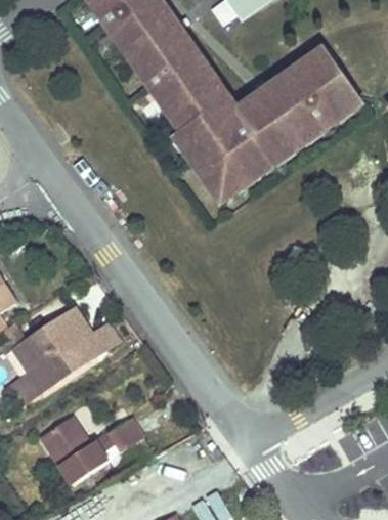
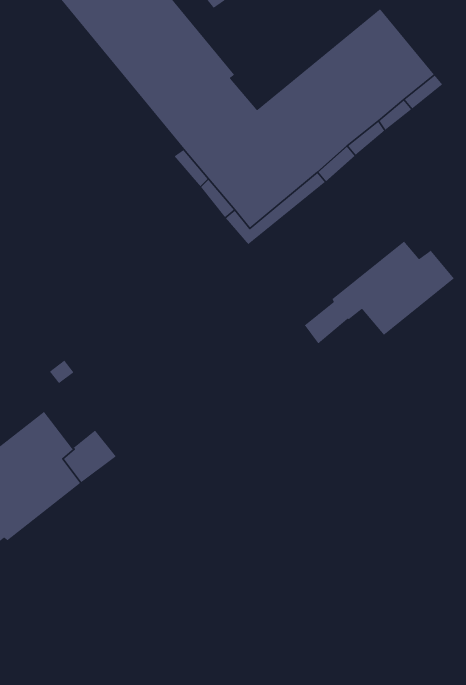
building: none -> [304,240,455,344]
building: [39,416,154,486] -> none

